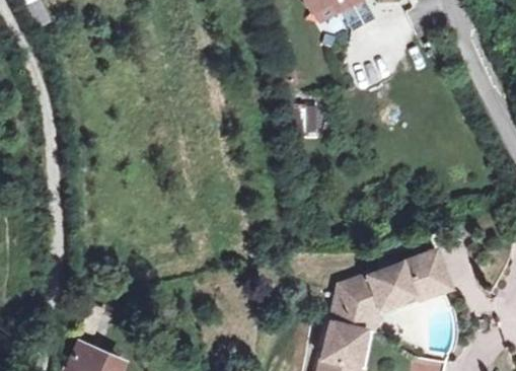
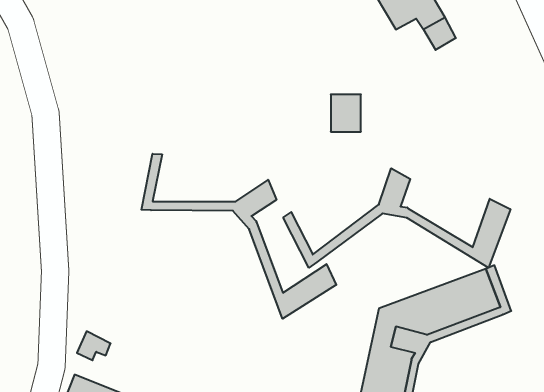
building: none -> [141,154,336,319]
building: none -> [283,168,510,268]

